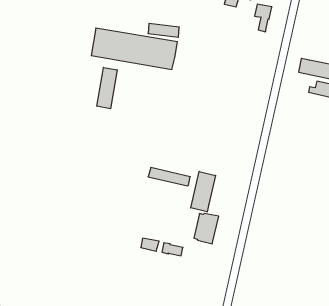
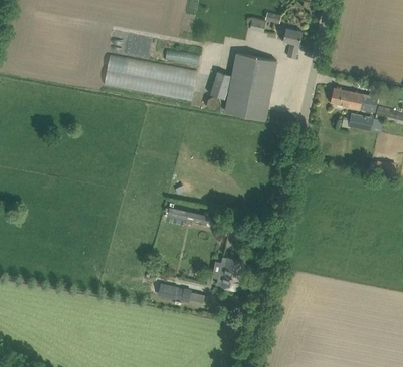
building: none -> [209,53,275,120]
building: [97,67,117,109] -> none
building: [191,171,216,212] -> none

